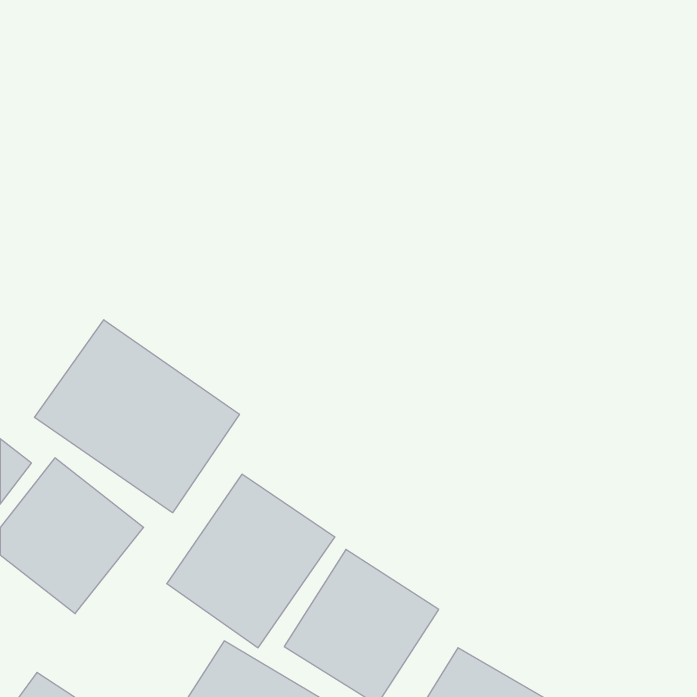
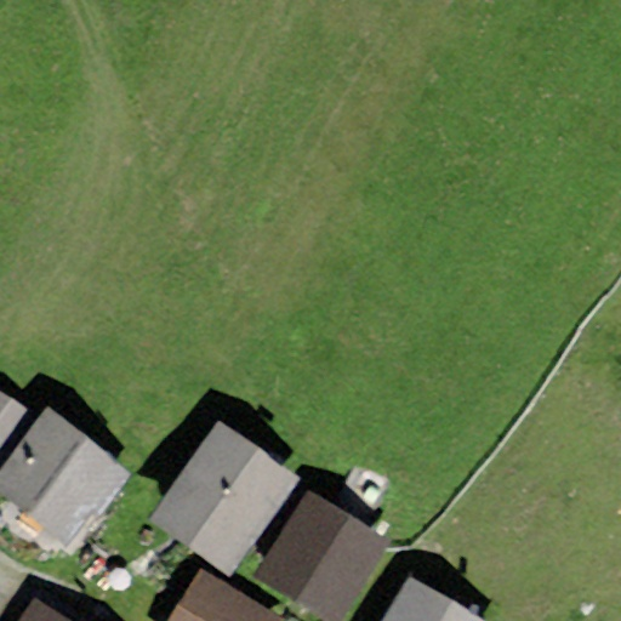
building: [35,320,239,513] -> none

